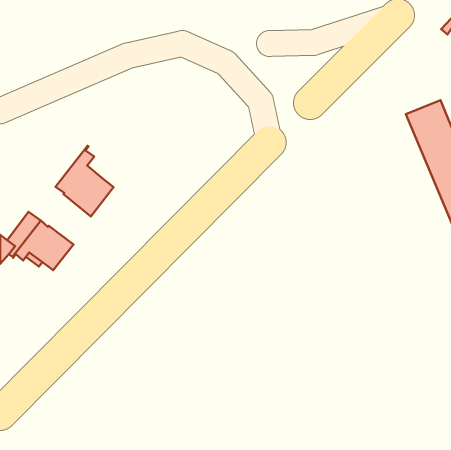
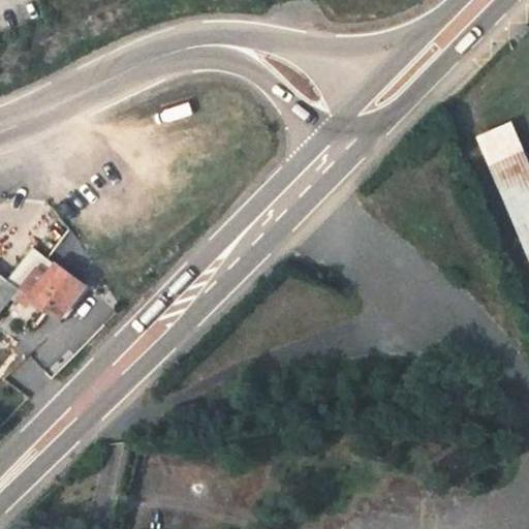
building: [55,146,113,216] -> none

